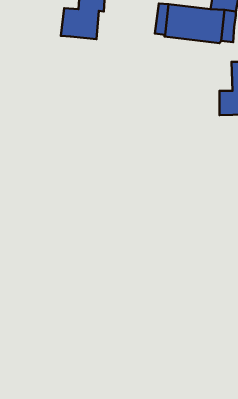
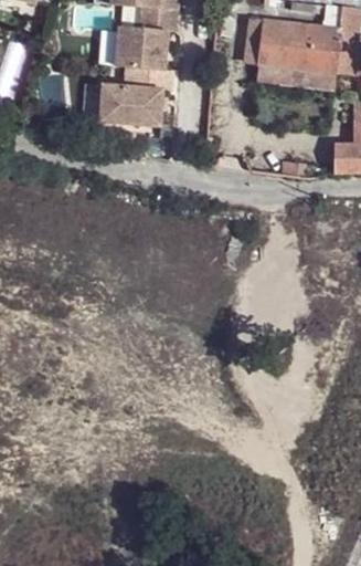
building: none -> [100,67,172,125]

